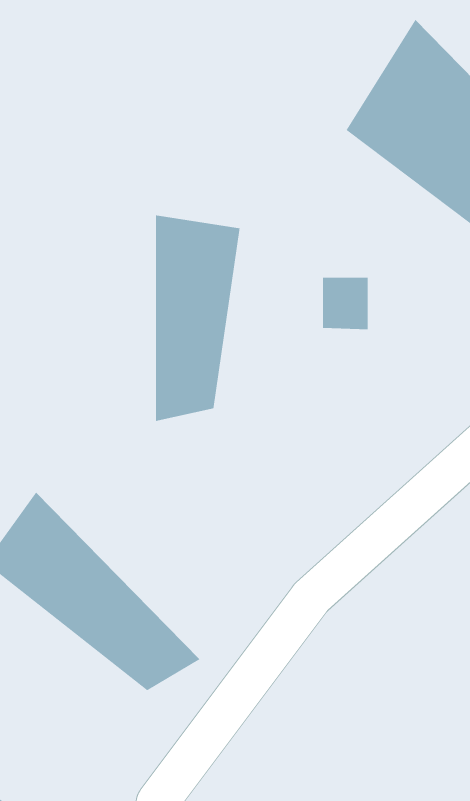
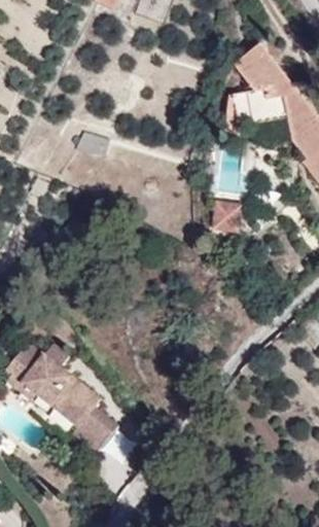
building: [155,215,241,422] -> none

